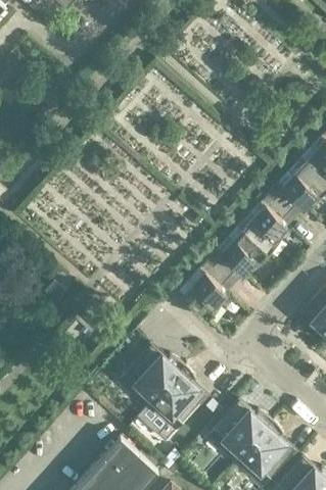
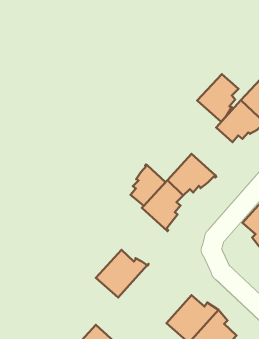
building: [239,195,290,254] -> [197,74,238,122]
building: none -> [130,165,166,206]
building: [148,364,207,443] -> none

